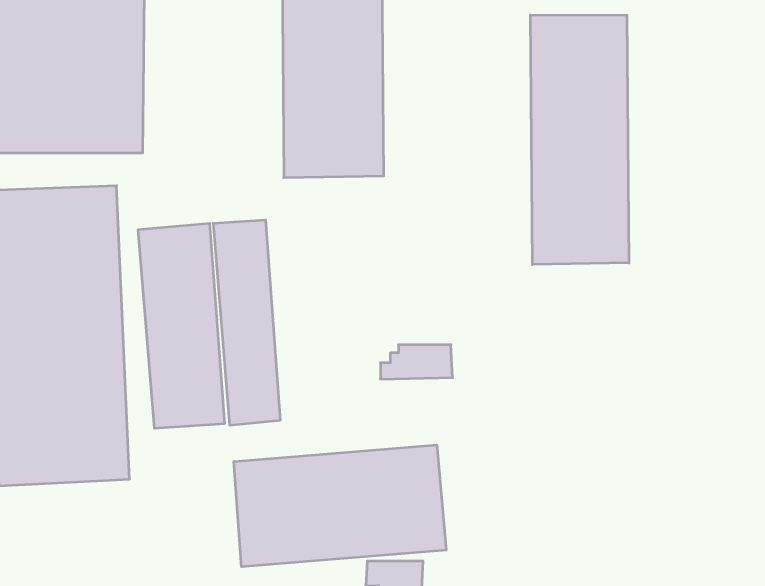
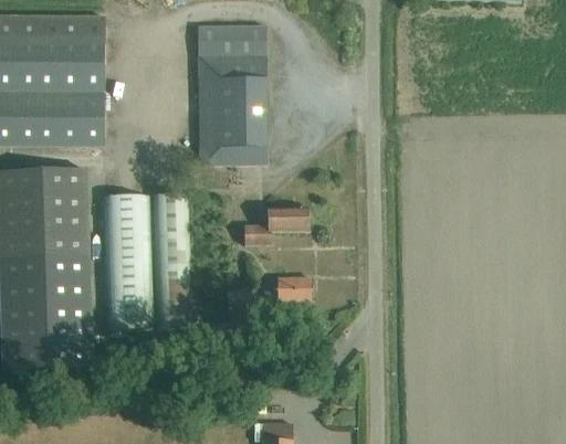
building: [530,15,629,265] -> none
building: none -> [243,205,308,243]
building: [234,445,446,567] -> none

